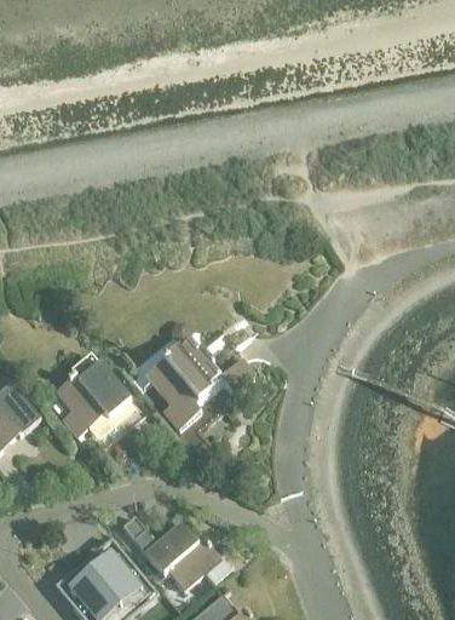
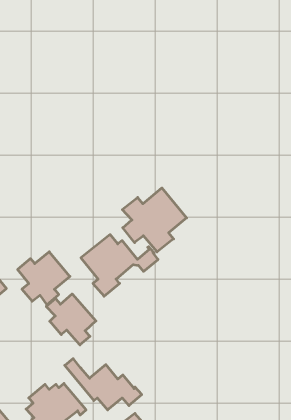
building: none -> [122,188,187,252]
building: none -> [46,294,96,345]

